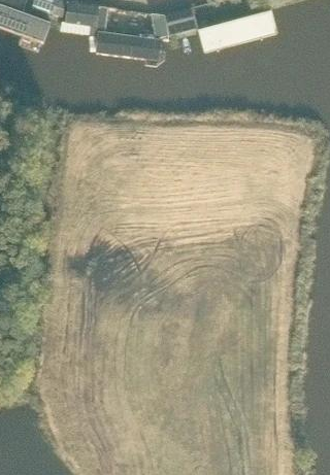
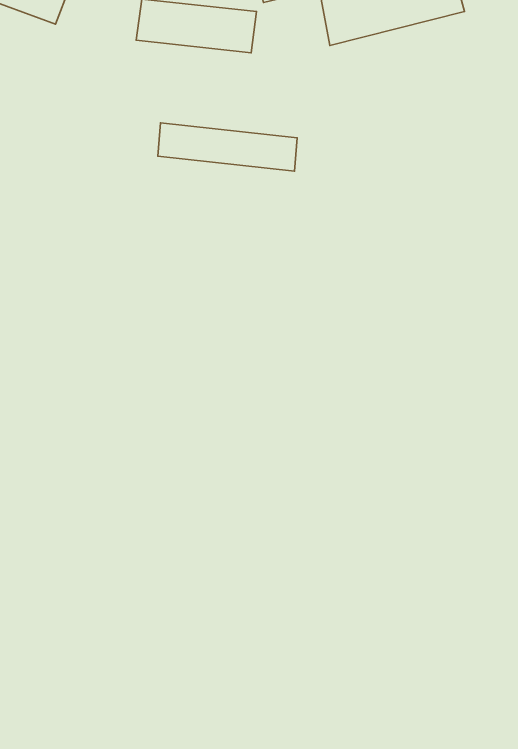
building: none -> [158,123,297,171]

